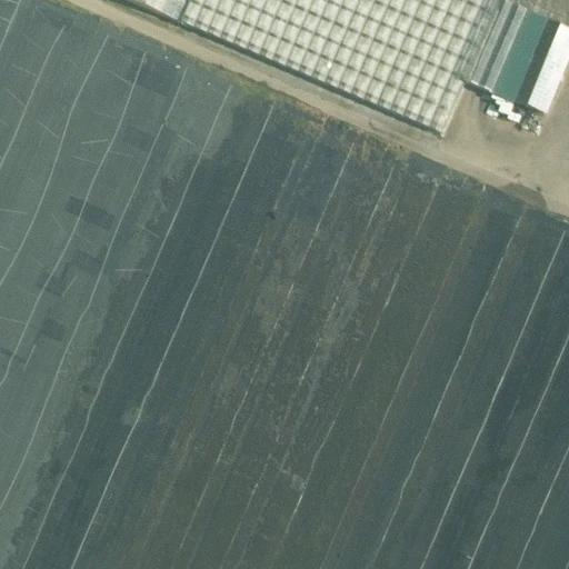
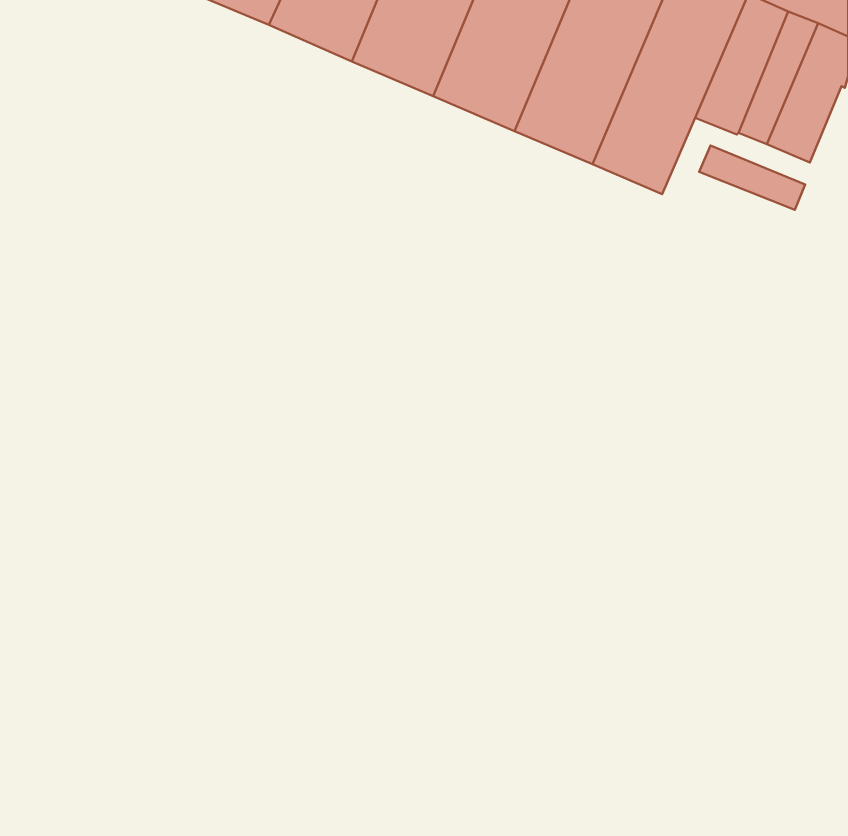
building: none -> [699,145,805,210]

